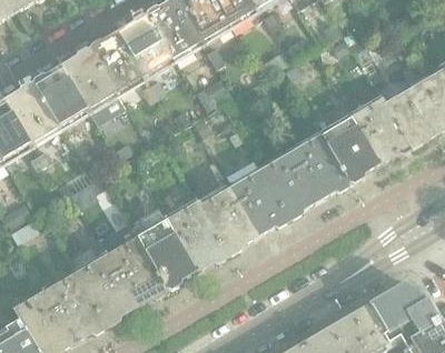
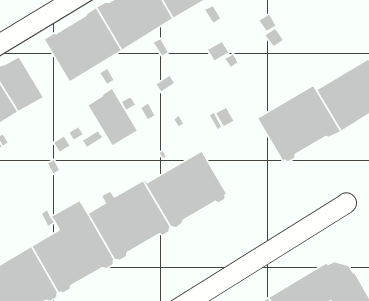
building: [62,47,117,110] -> [88,88,138,146]
building: [260,132,349,215] -> none

